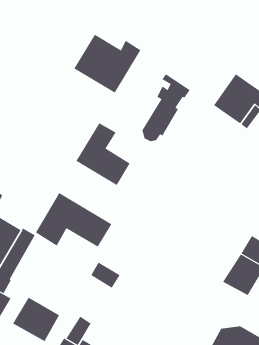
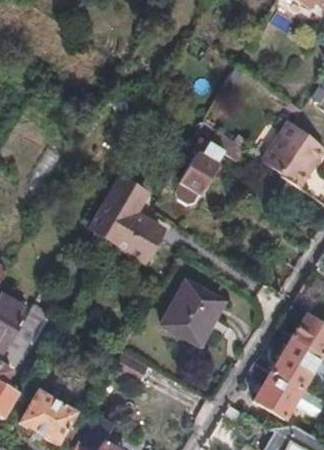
building: [74,34,141,94] -> none
building: [35,192,112,247] -> none
building: none -> [166,283,223,342]
building: none -> [256,372,304,419]

